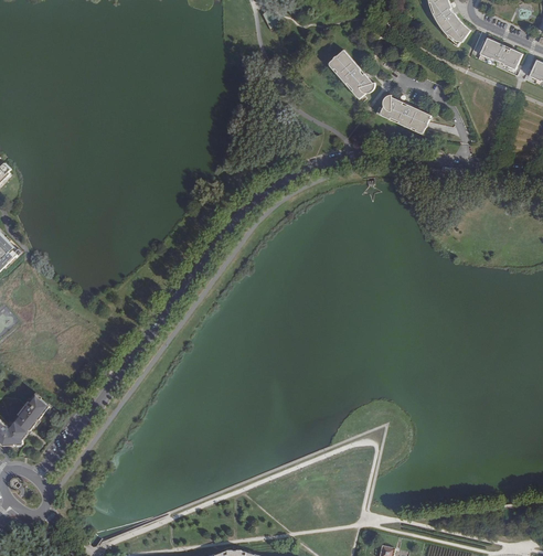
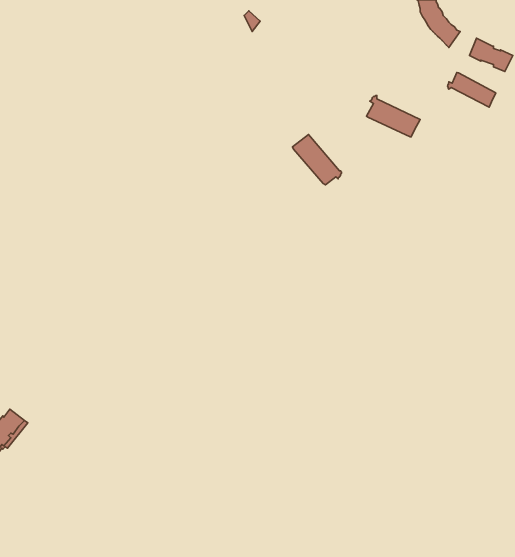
building: [327,49,374,97] -> [292,134,342,185]
building: none -> [448,73,496,107]

